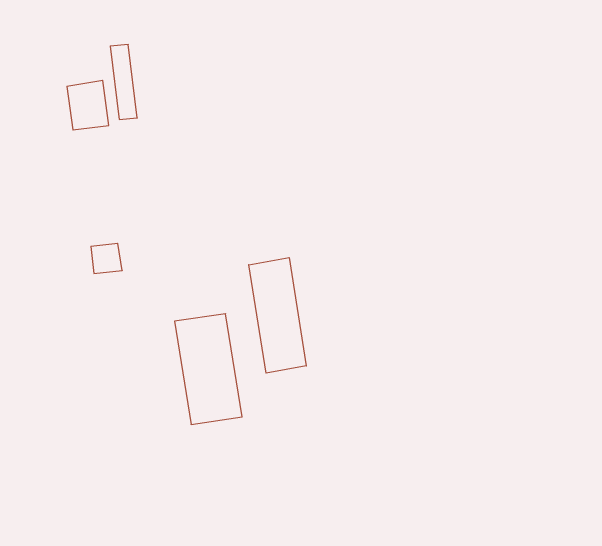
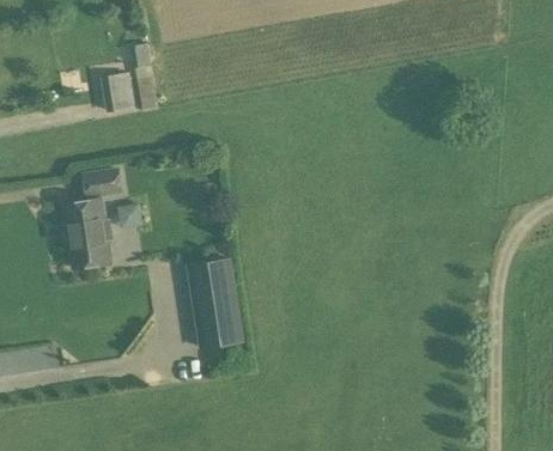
building: none -> [65,167,122,268]
building: [249,258,306,373] -> none

